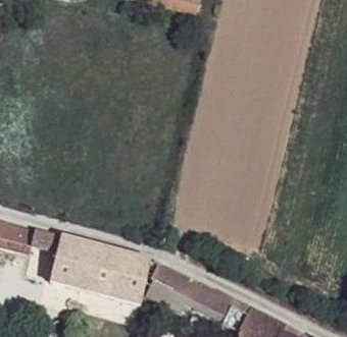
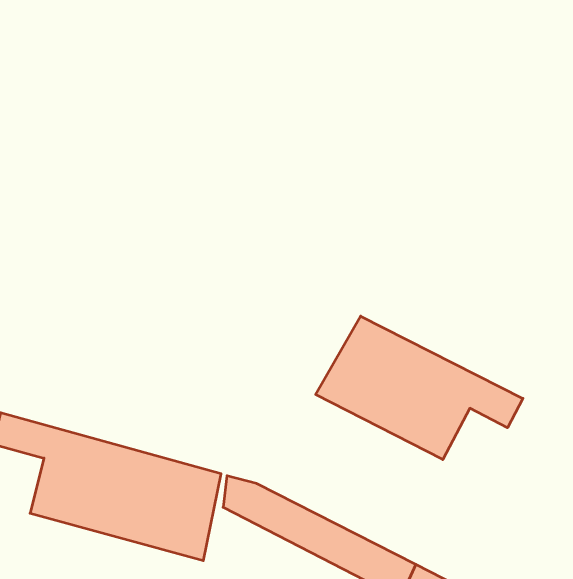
building: none -> [316,316,523,460]

